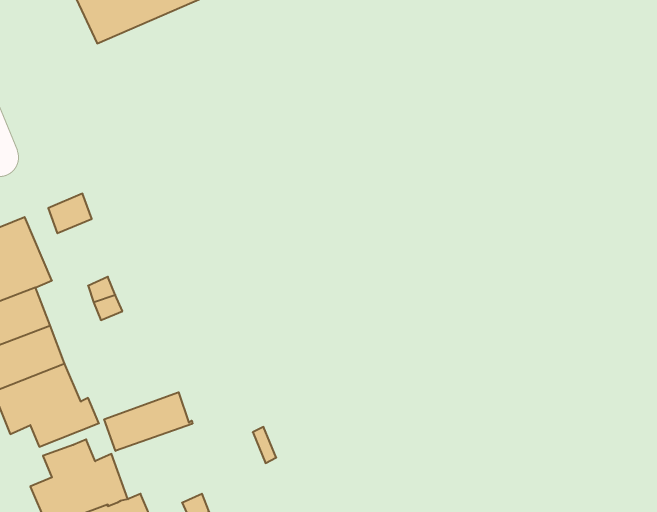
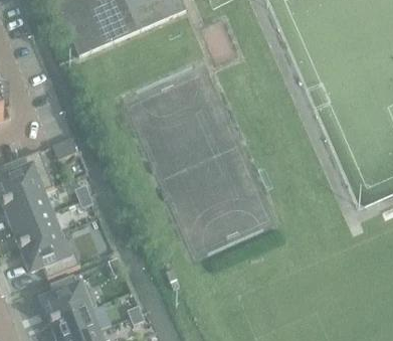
building: [104,392,192,451] -> none

